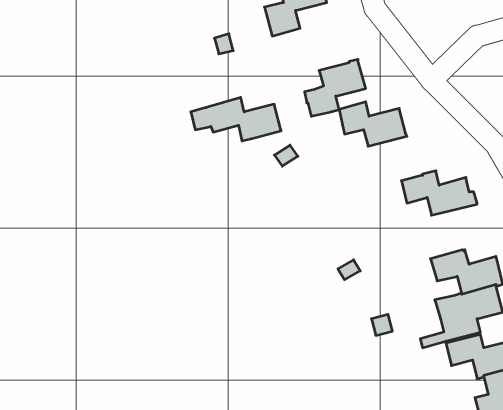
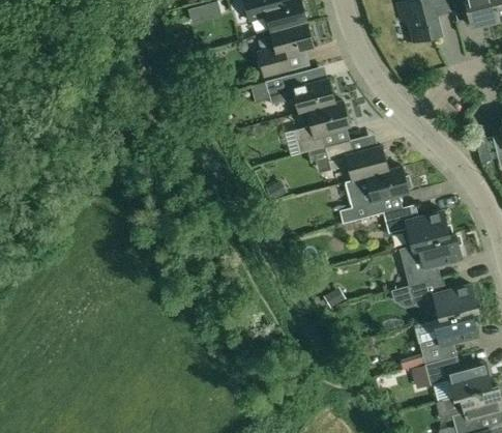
building: [191,97,281,141] -> [250,73,334,113]
building: none -> [345,166,411,221]
building: none -> [398,233,462,287]

